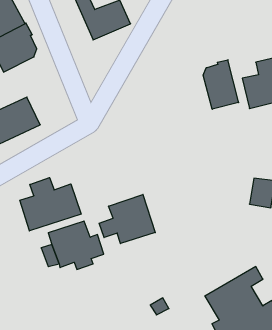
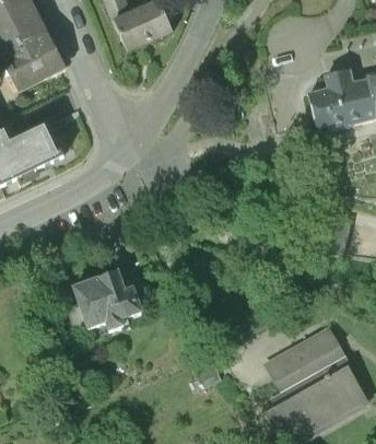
building: [203,60,239,109] -> none
building: [20,178,81,231] -> none
building: [99,194,155,244] -> none

